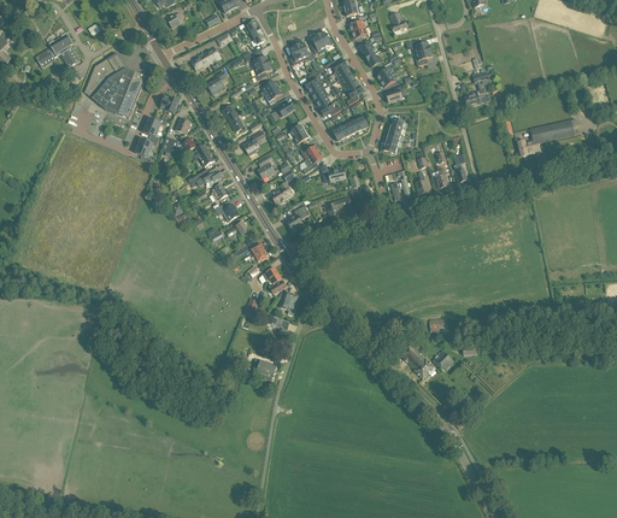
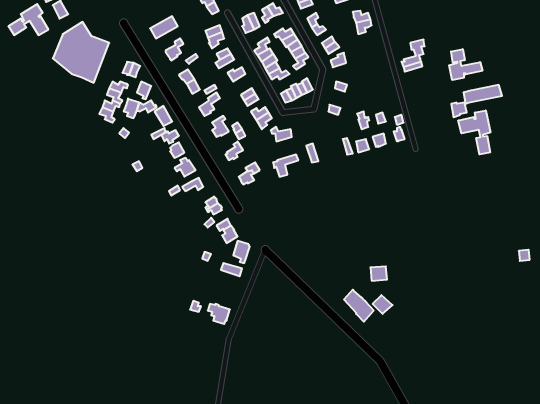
building: none -> [449,49,482,80]
building: none -> [458,110,490,154]

